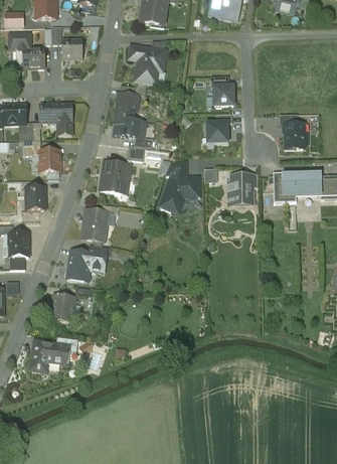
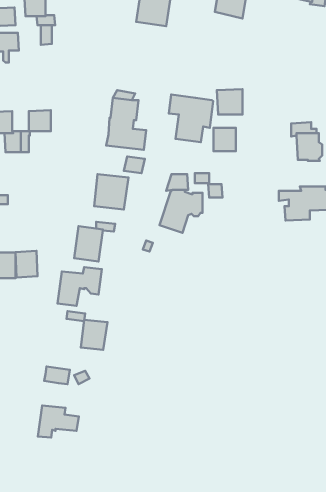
building: [61,39,82,58] -> none
building: [127,42,167,86] -> [169,95,213,142]
building: [22,47,44,67] -> none
building: [57,103,71,135] -> none
building: [39,150,58,171] -> none
building: [227,177,258,204] -> none
building: [25,186,45,210] -> [15,251,38,277]
building: [50,294,74,321] -> [81,320,108,350]
building: [30,341,67,370] -> [38,406,79,438]

